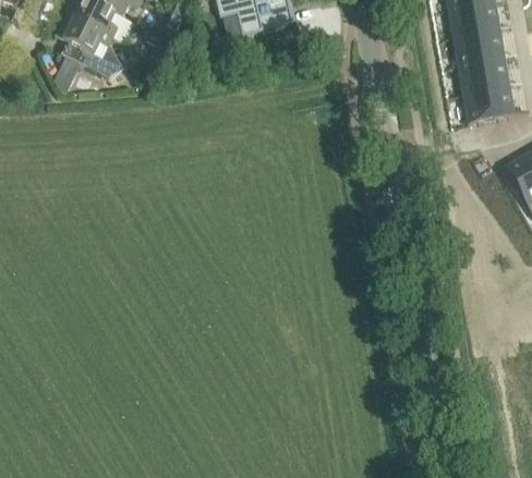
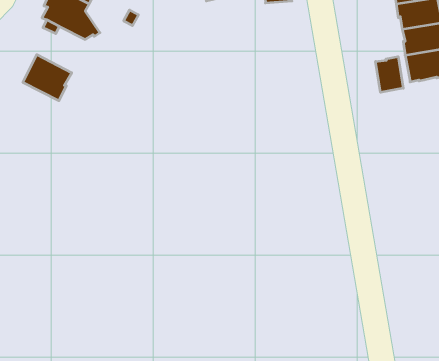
building: none -> [23,55,72,101]
building: none -> [376,57,403,92]

